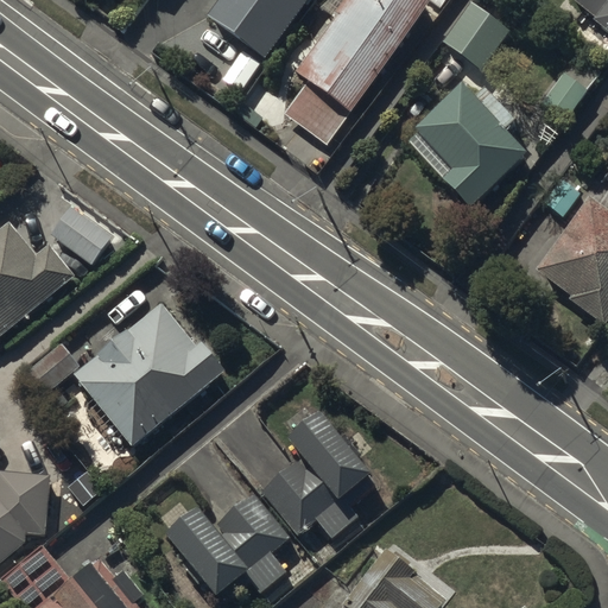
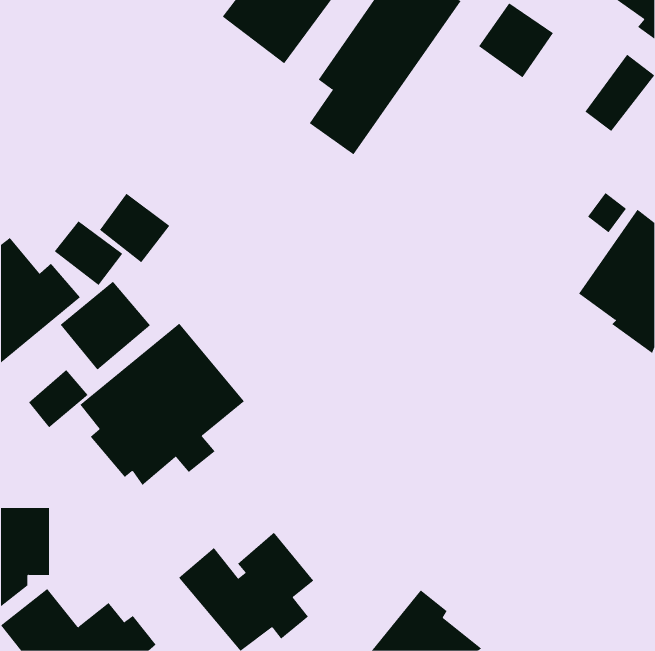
building: [407,83,527,208] -> none
building: none -> [99,193,170,263]
building: none -> [60,281,151,371]
building: [260,411,378,539] -> none

